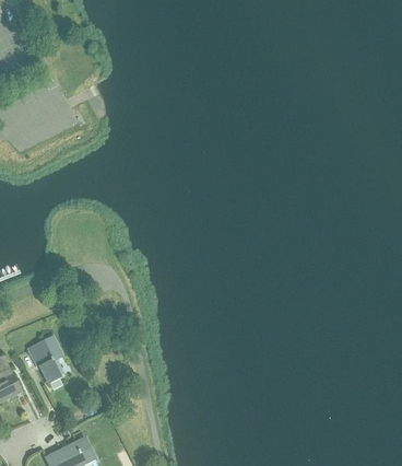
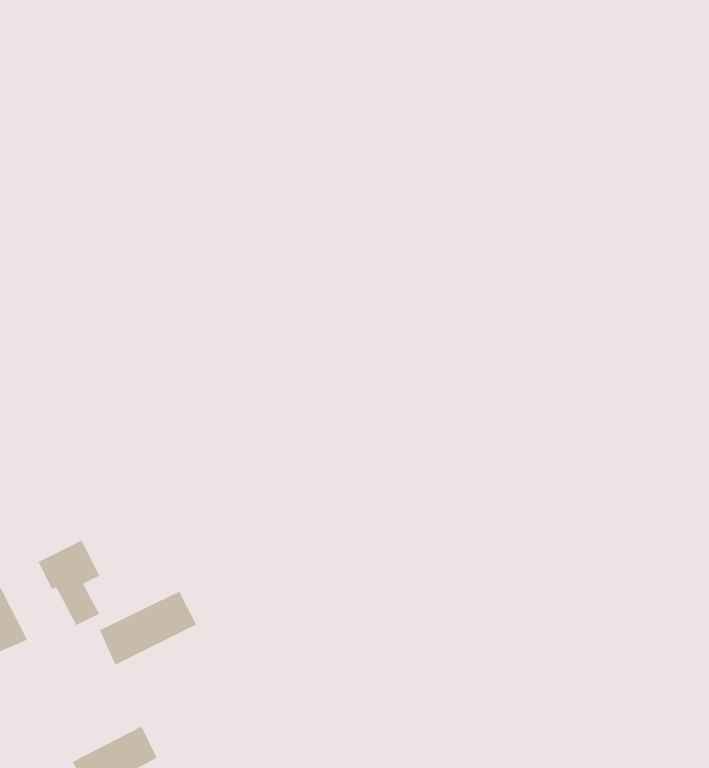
building: none -> [99,591,197,666]

